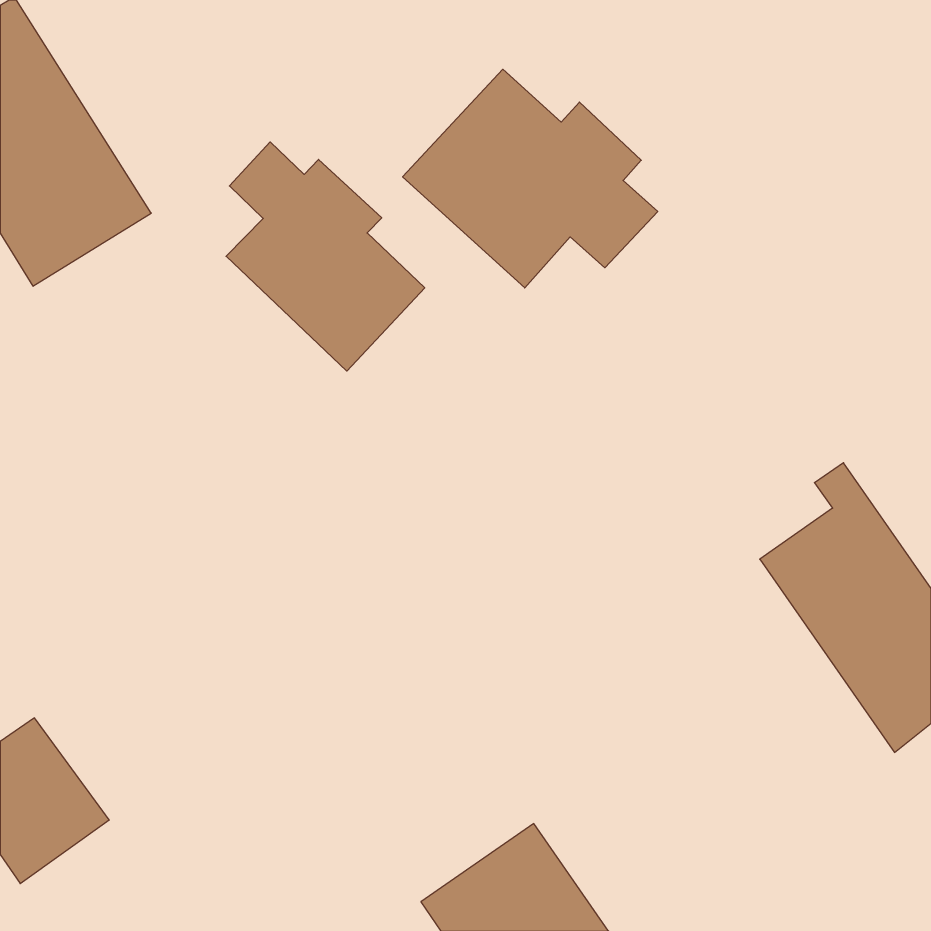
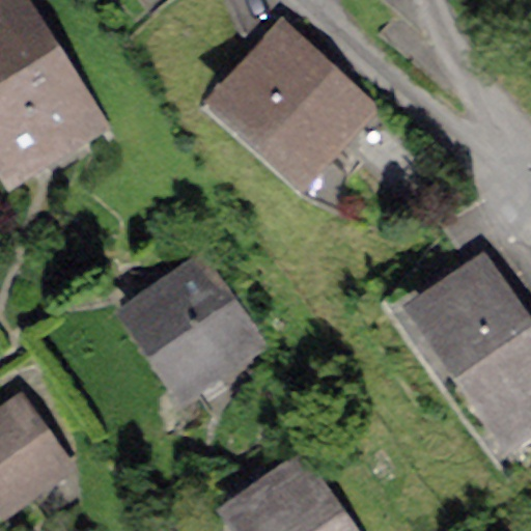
building: [226,142,425,371] -> none
building: none -> [137,268,254,388]

